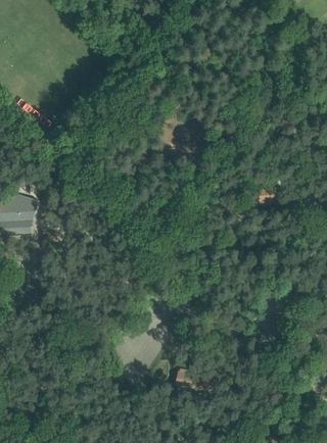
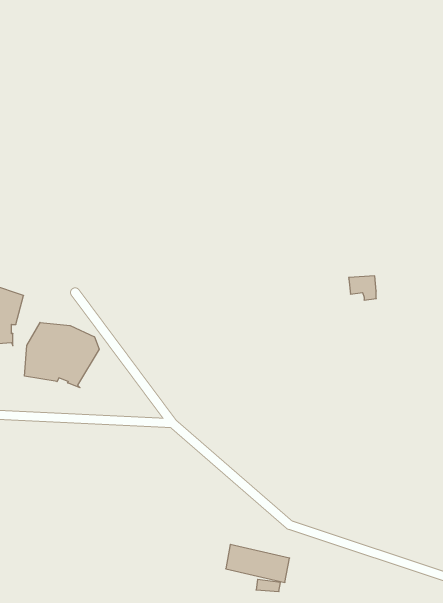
building: none -> [25,322,99,388]

